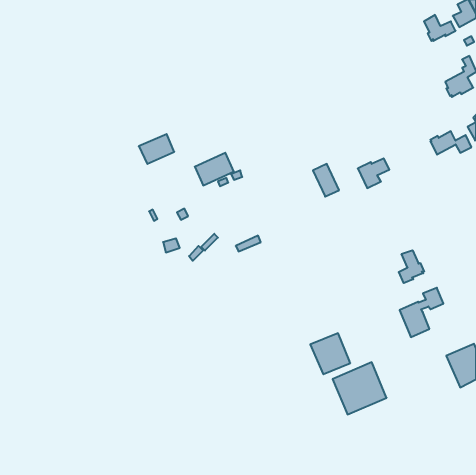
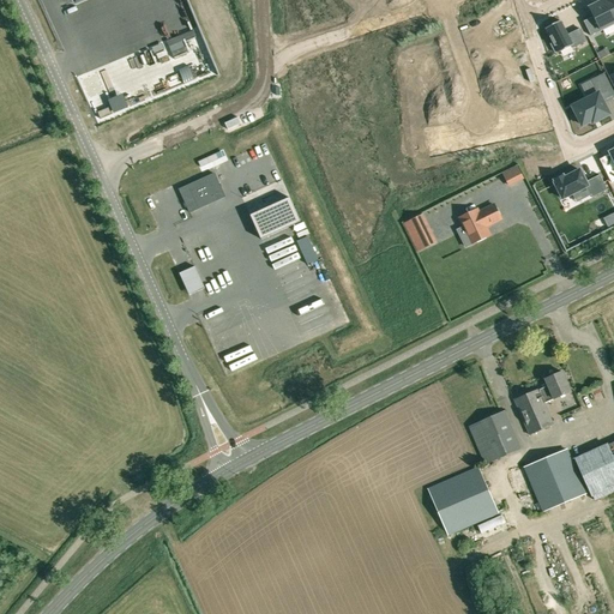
building: [399,250,424,283] -> none
building: [310,333,350,374] -> [470,410,522,463]
building: none -> [524,449,585,511]

